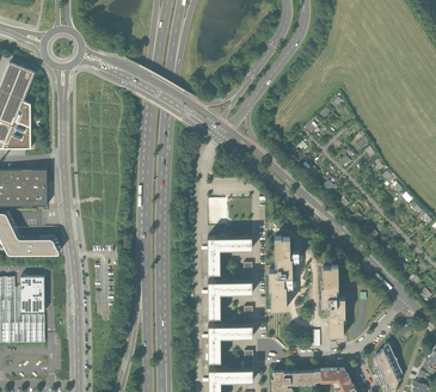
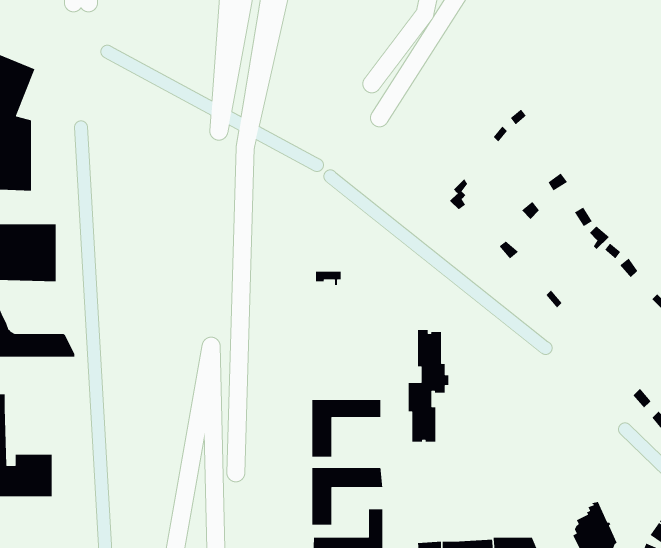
building: [207,237,251,274] -> none
building: [318,265,344,337] -> none
building: [19,276,43,312] -> none

